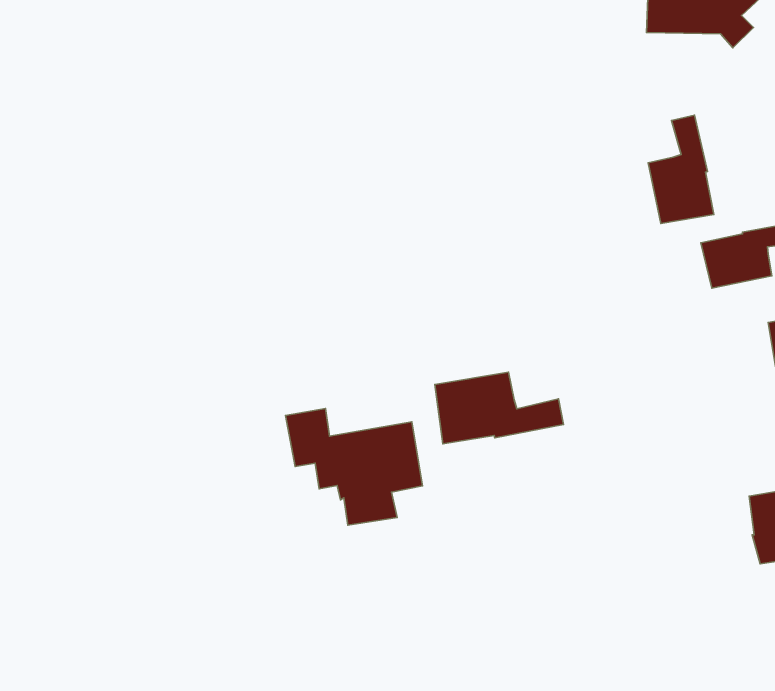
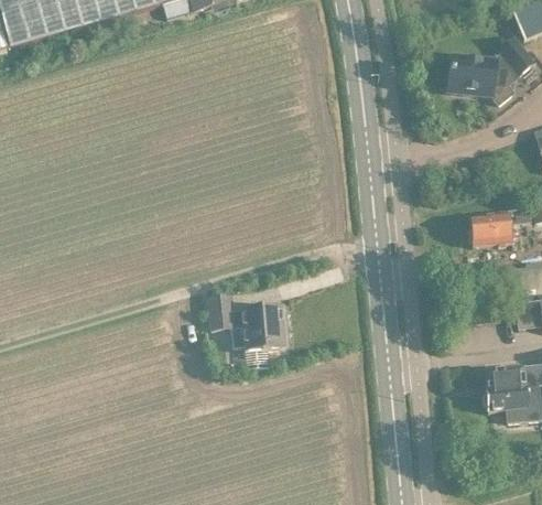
building: [648,115,714,223] -> none
building: [435,372,563,444] -> none

